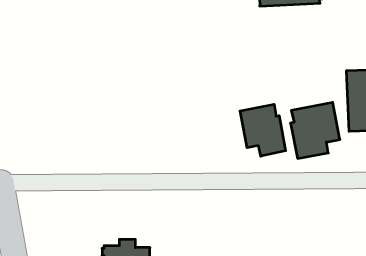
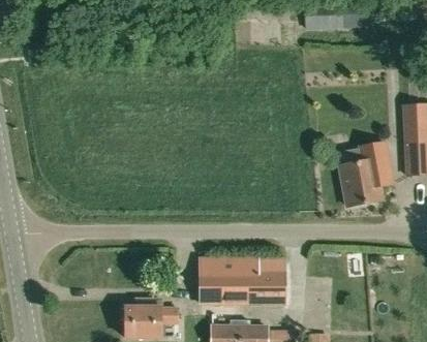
building: [240,104,286,156] -> none
building: none -> [200,258,285,303]

